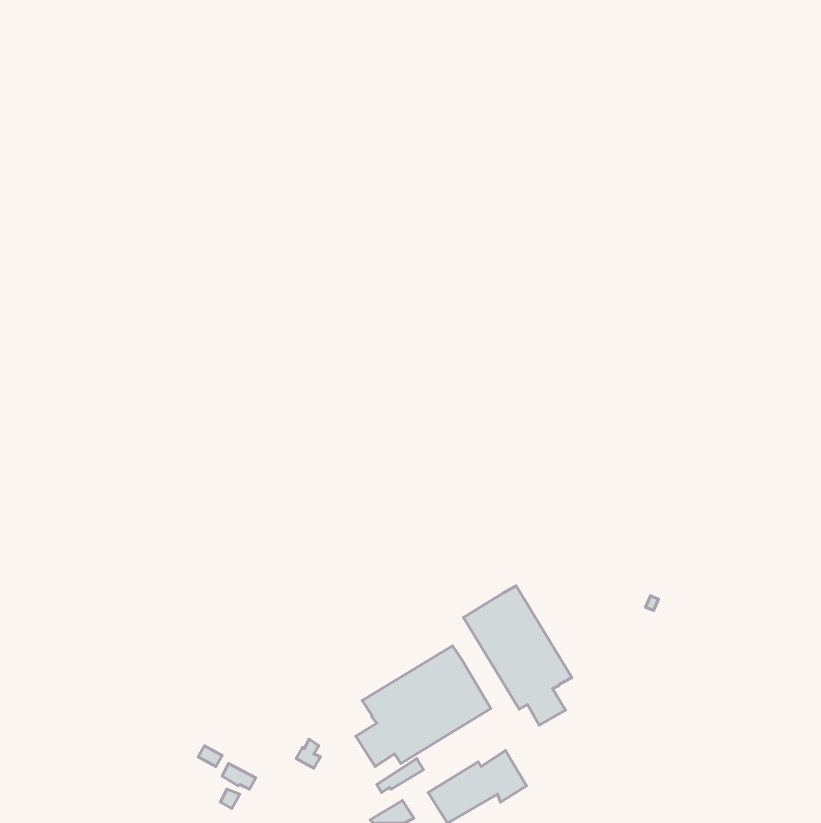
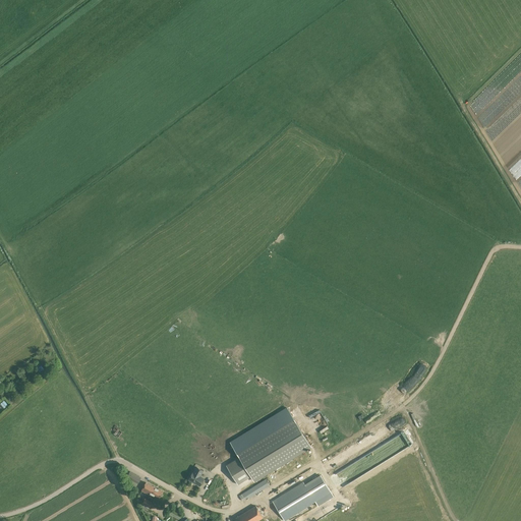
building: [463,586,572,725] -> none

